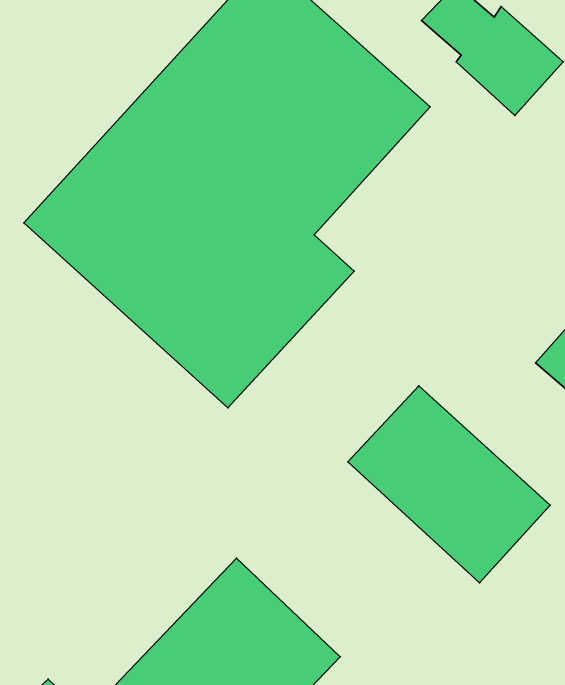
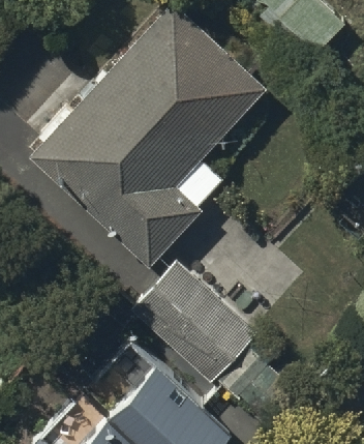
building: [348,386,550,583] -> [144,254,265,372]

